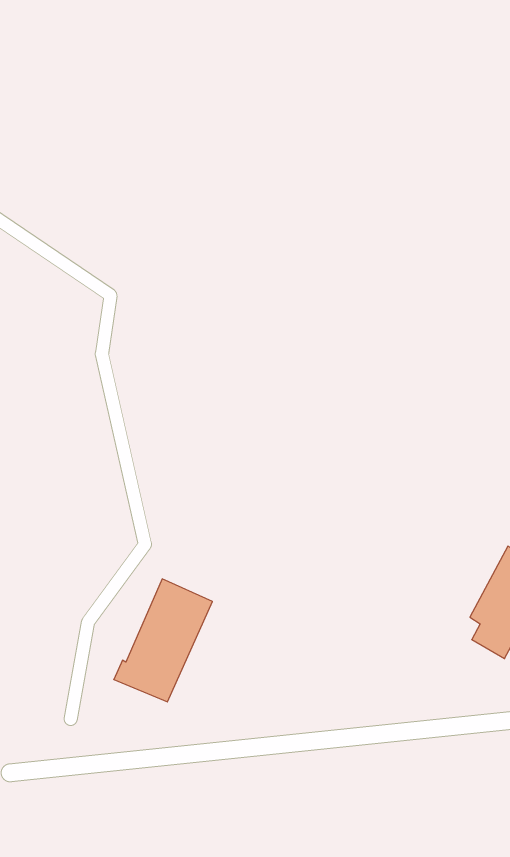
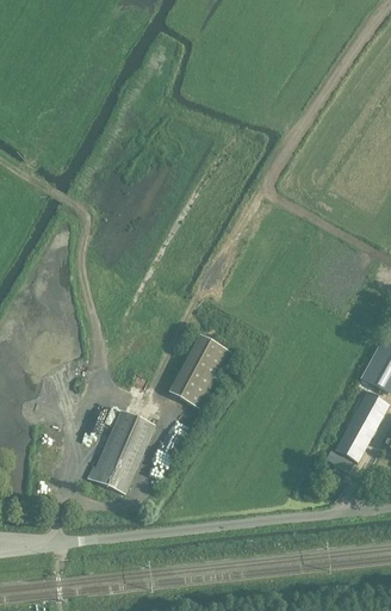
building: none -> [169,335,231,409]

